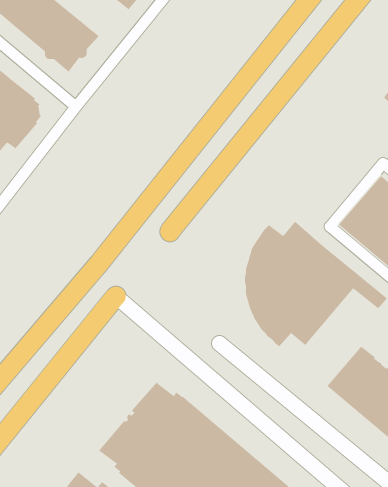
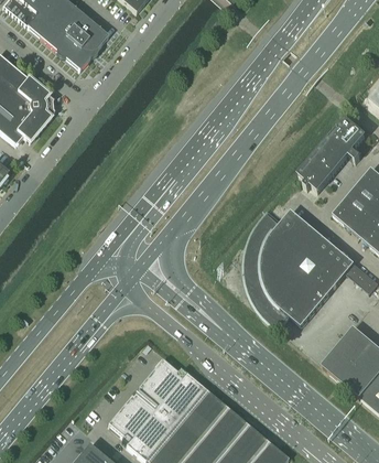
building: none -> [299,118,365,190]

